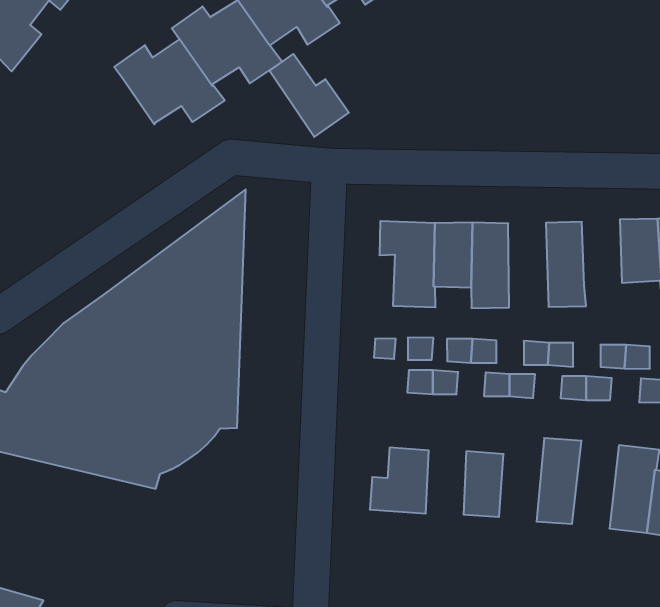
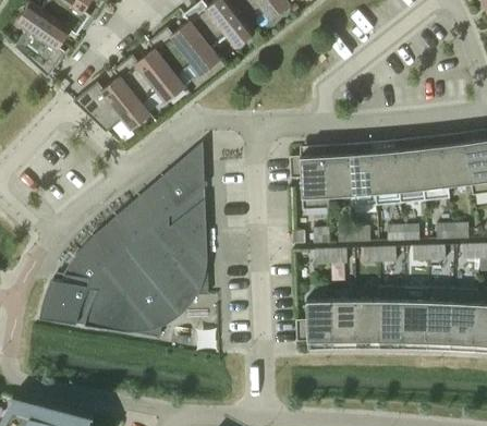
building: [269,54,349,137] -> none
building: none -> [73,77,149,133]
building: none -> [418,145,447,188]
building: none -> [372,150,401,206]
building: none -> [379,287,404,341]
building: none -> [426,288,452,342]
building: none -> [331,300,356,341]

